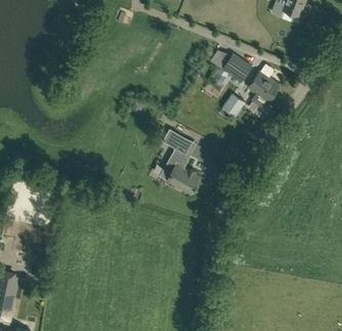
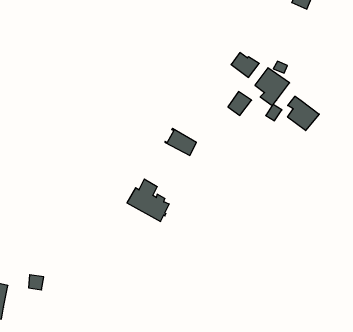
building: none -> [288,96,319,131]
building: [160,153,200,193] -> [127,179,169,221]

